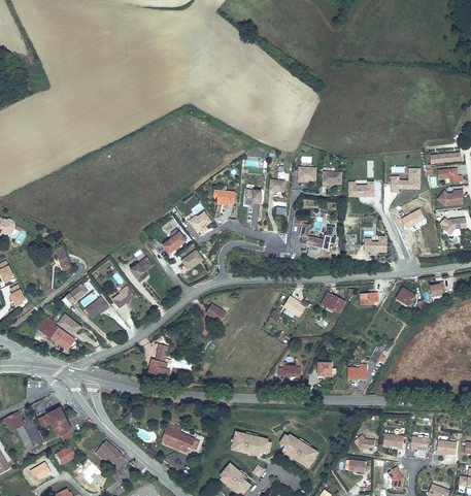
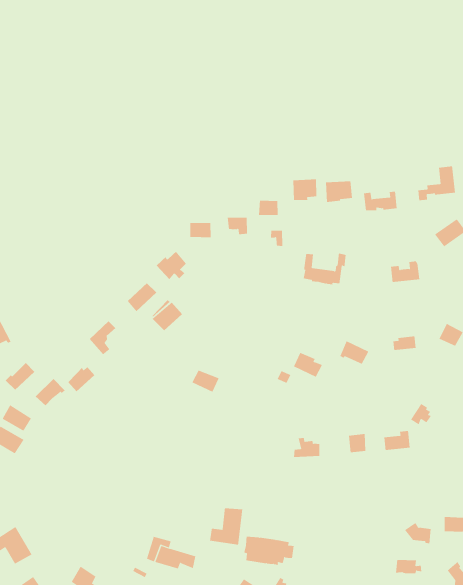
building: [146,342,168,375] -> none
building: none -> [210,508,243,545]
building: [278,434,316,466] -> none

